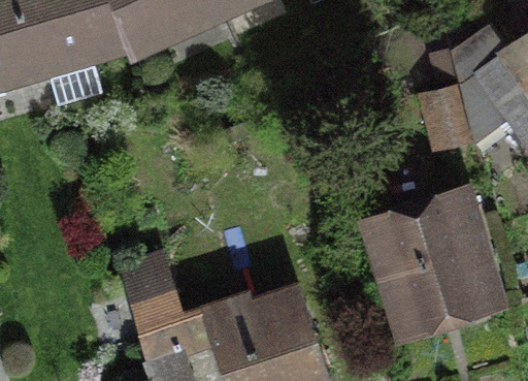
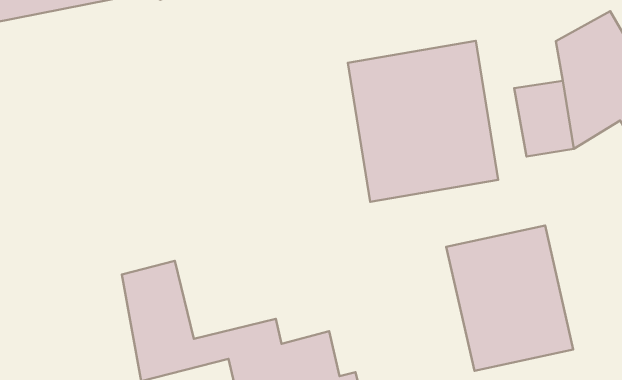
building: none -> [348,41,498,202]

